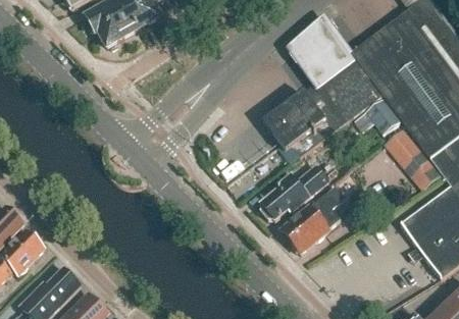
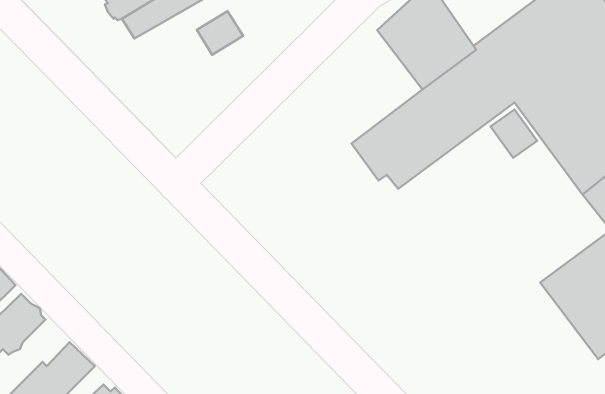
building: none -> [197,11,243,55]
building: [385,126,441,189] -> none
building: [262,166,330,221] -> none
building: [282,184,345,251] -> none

